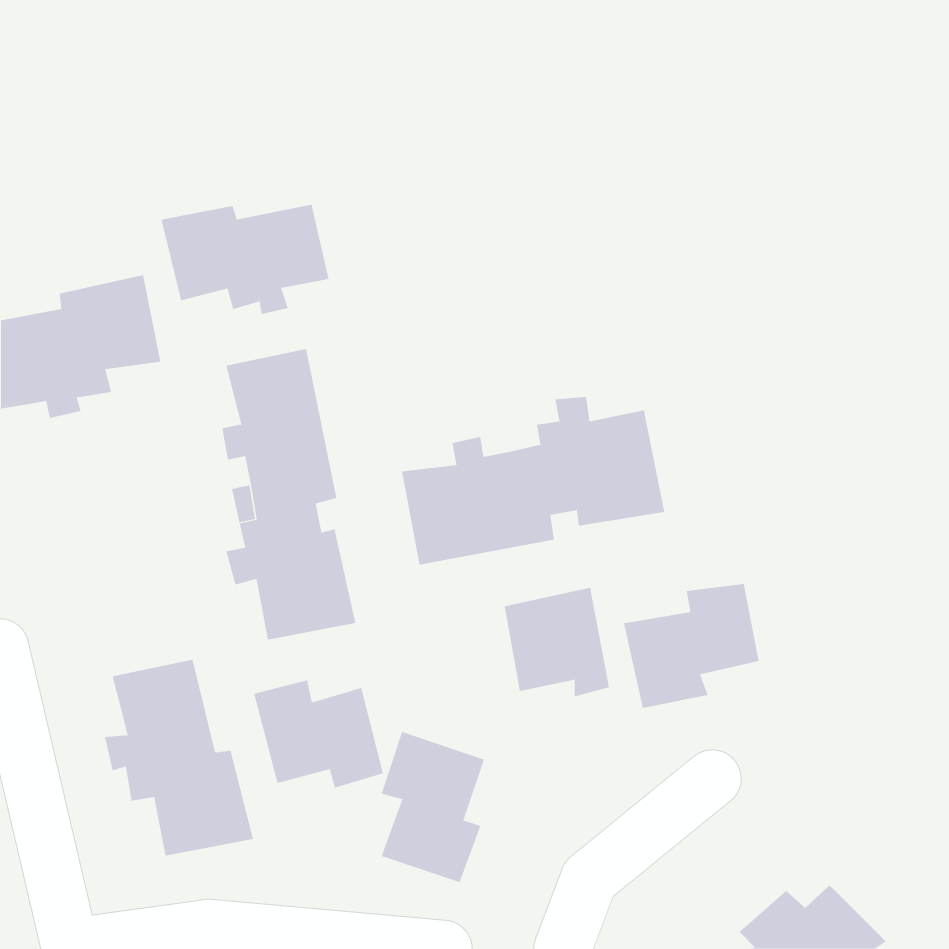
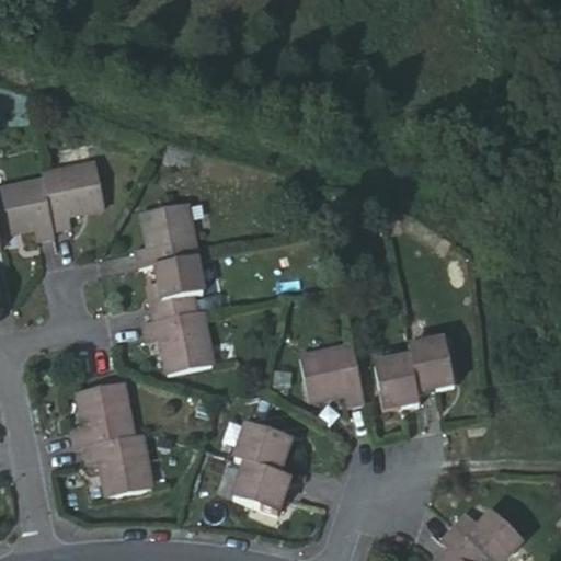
building: [161,204,329,315] -> none
building: [402,396,665,565] -> none
building: [253,679,384,788] -> none

